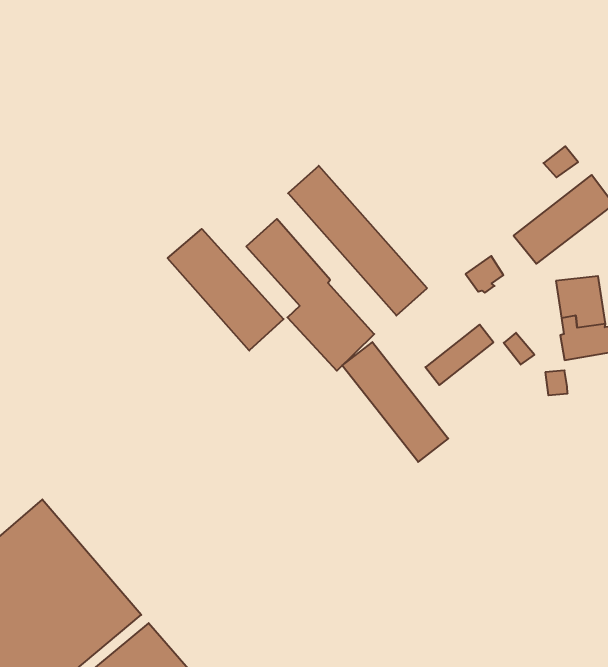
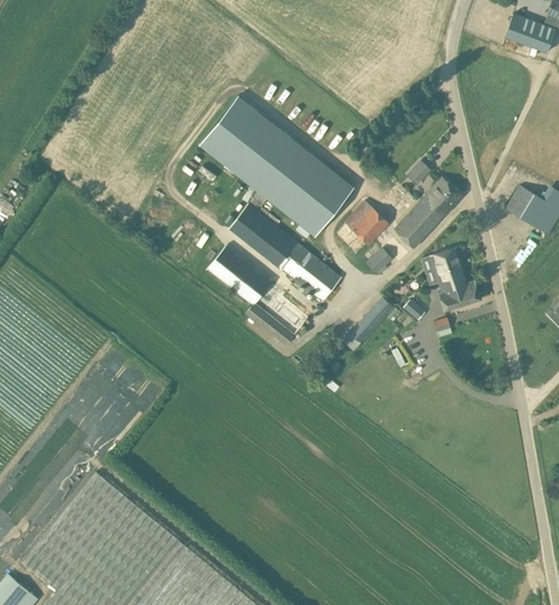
building: none -> [198,97,353,237]
building: none -> [341,201,387,247]
building: [168,229,284,351] -> none
building: [342,342,448,462] -> none

